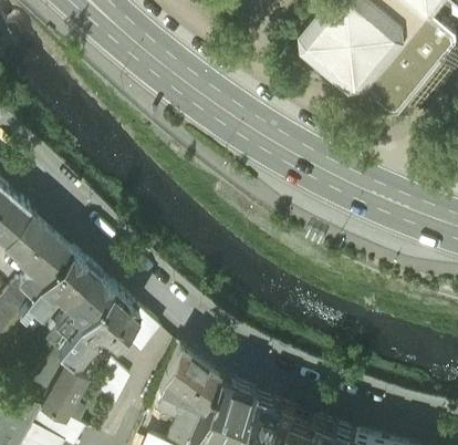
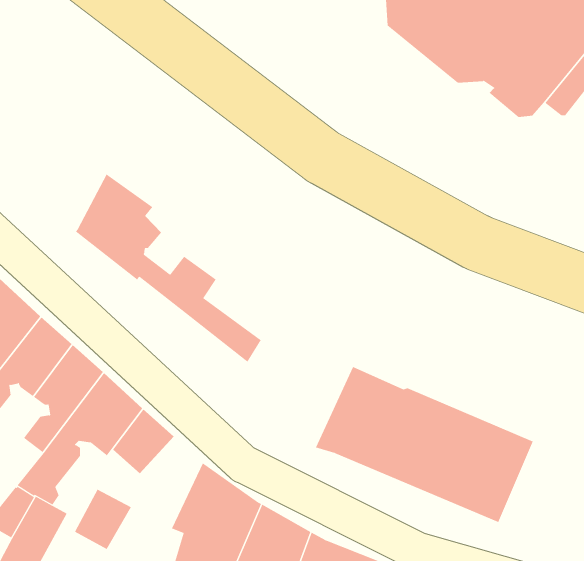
building: none -> [75,174,261,362]
building: none -> [315,366,533,523]

